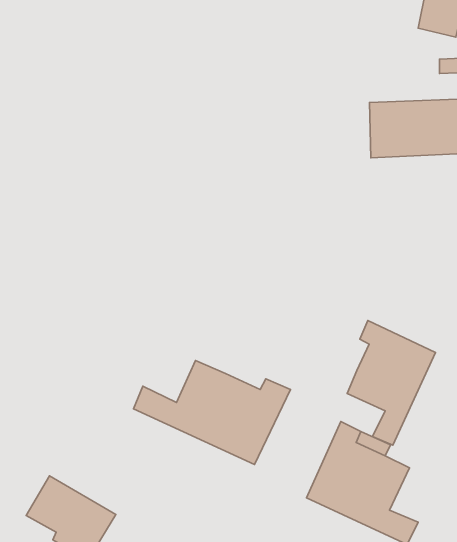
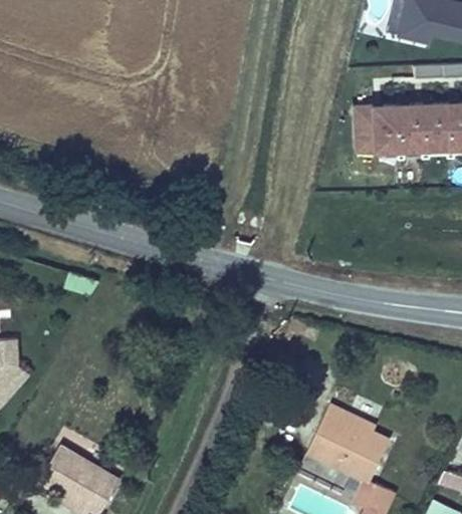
building: [347,320,436,445] -> none
building: [134,360,290,465] -> none

